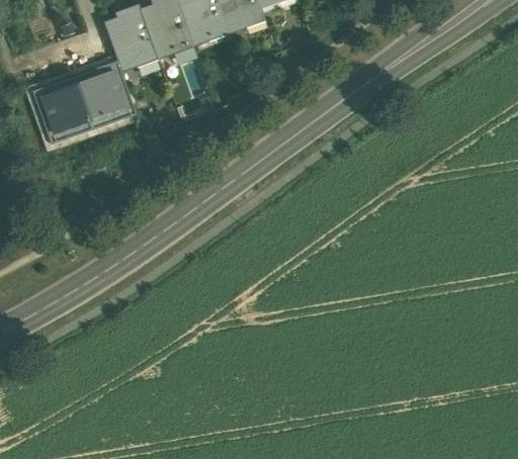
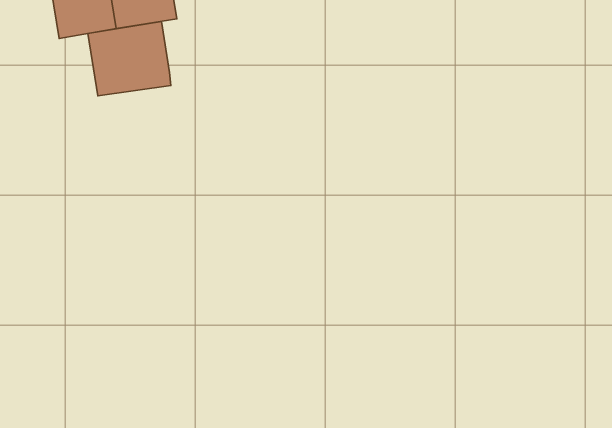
building: none -> [88,21,171,96]

